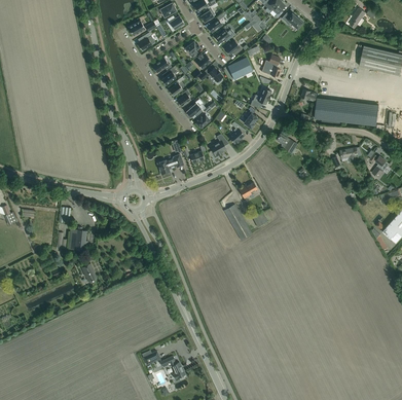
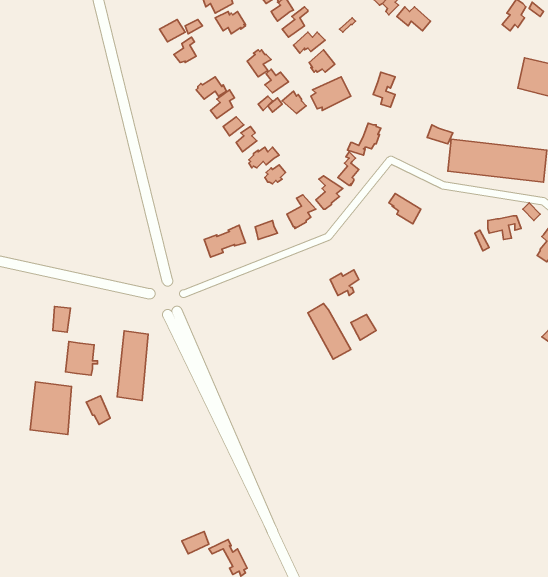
building: none -> [117,331,148,400]
building: none -> [30,382,71,435]

